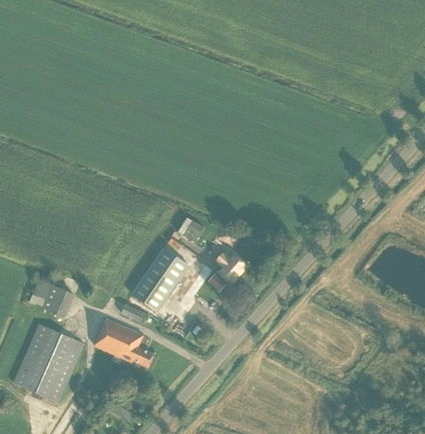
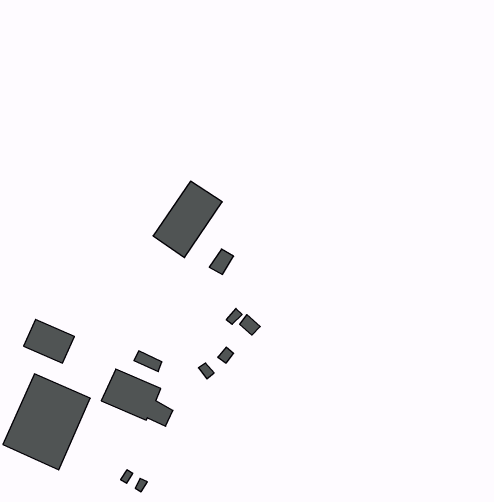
building: [132,248,189,311] -> [153,181,222,258]
building: [217,256,247,285] -> none

